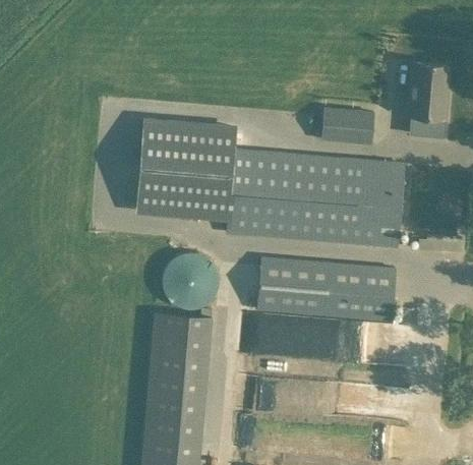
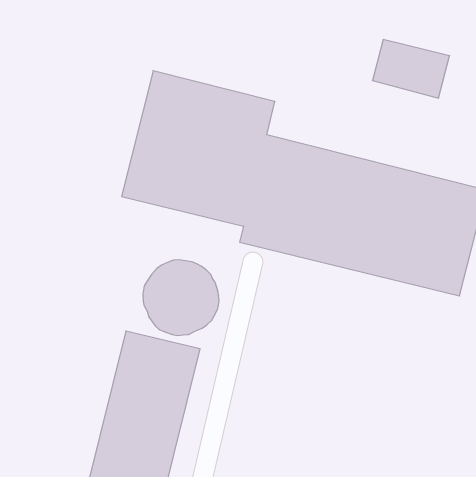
building: [321,108,375,144] -> [372,39,450,98]
building: [256,257,396,324] -> none

